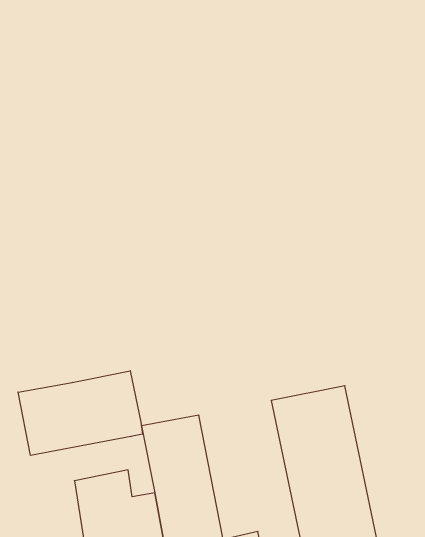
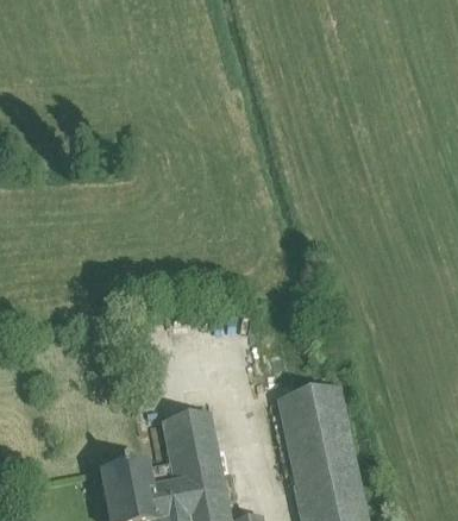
building: [18,371,143,455] -> none

